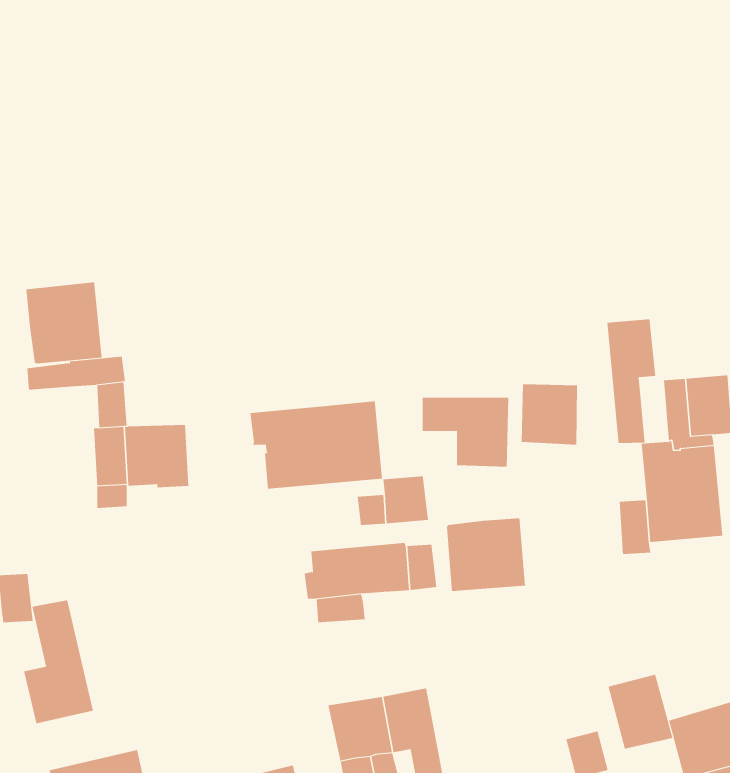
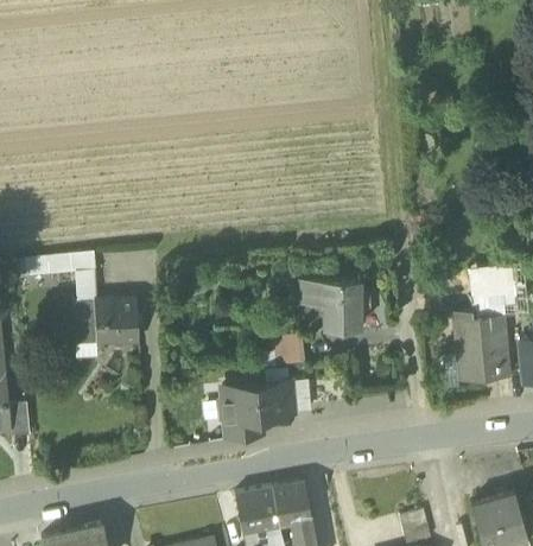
building: [26,282,102,364] -> none
building: [607,318,656,444] -> none
building: [521,384,578,446] -> none
building: [250,400,382,490] -> none
building: [446,517,526,592] -> none
building: [23,600,93,724] -> none
building: [608,674,673,749] -> none

